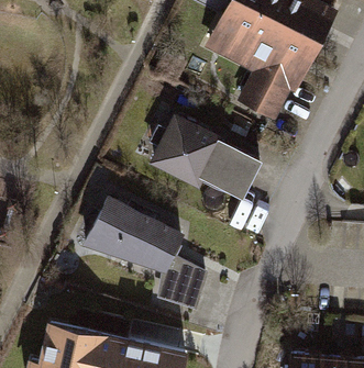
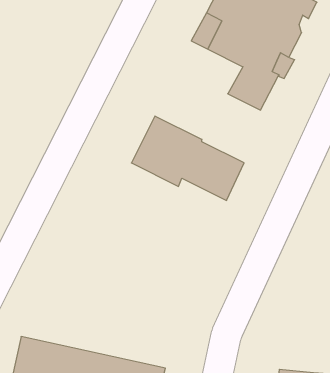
building: [85,200,205,309] -> none

